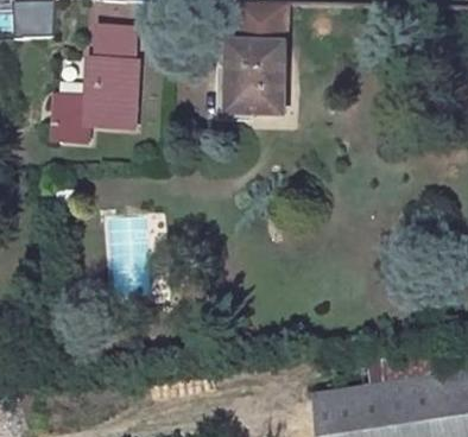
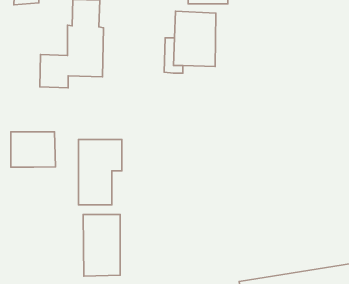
building: none -> [11,132,55,167]
building: none -> [83,214,120,276]

